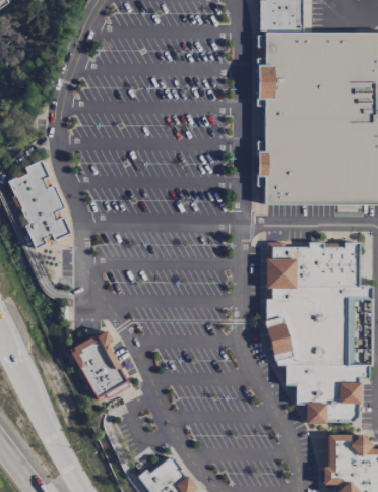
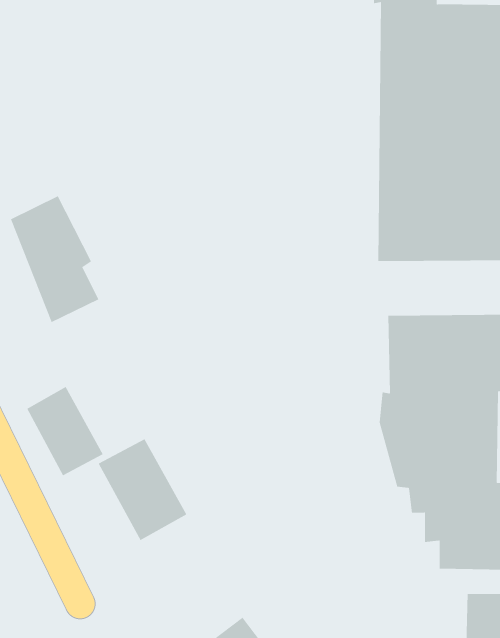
building: none -> [26,386,103,476]

